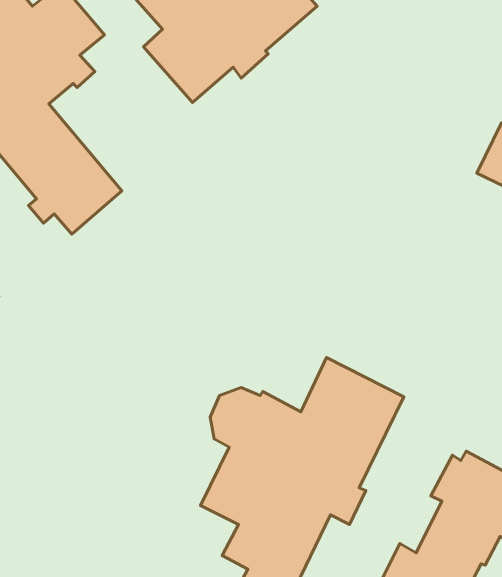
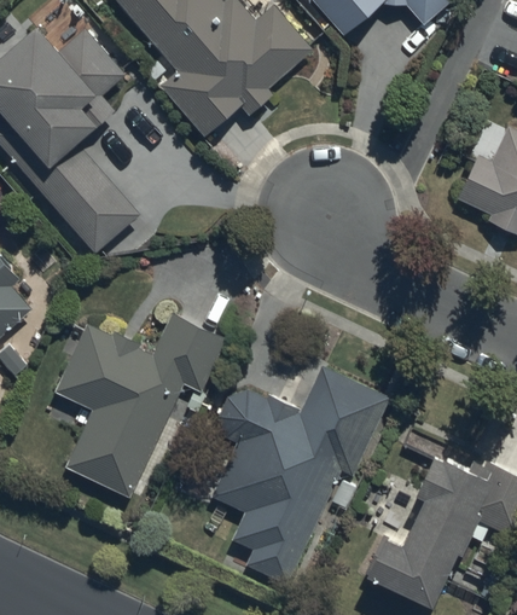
building: none -> [54,312,228,497]

